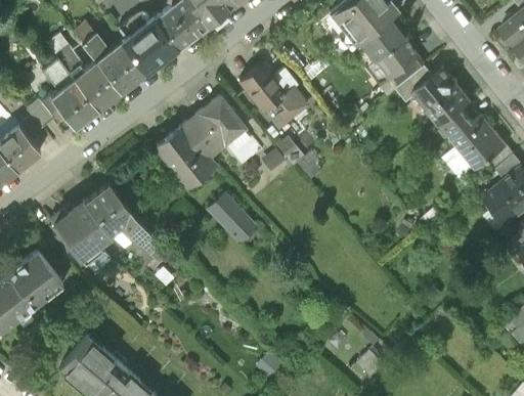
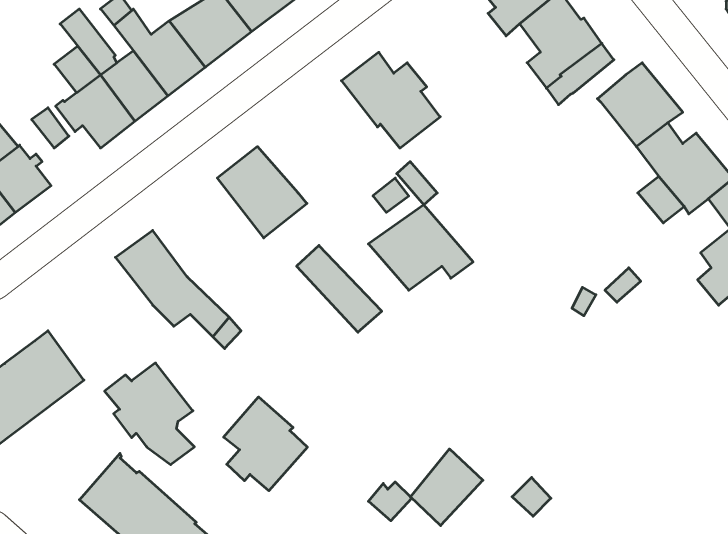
building: [396,67,434,102] -> none
building: [182,99,254,158] -> [368,205,473,290]
building: [50,202,112,271] -> [105,363,194,465]
building: none -> [224,397,307,491]
building: none -> [410,449,483,526]

